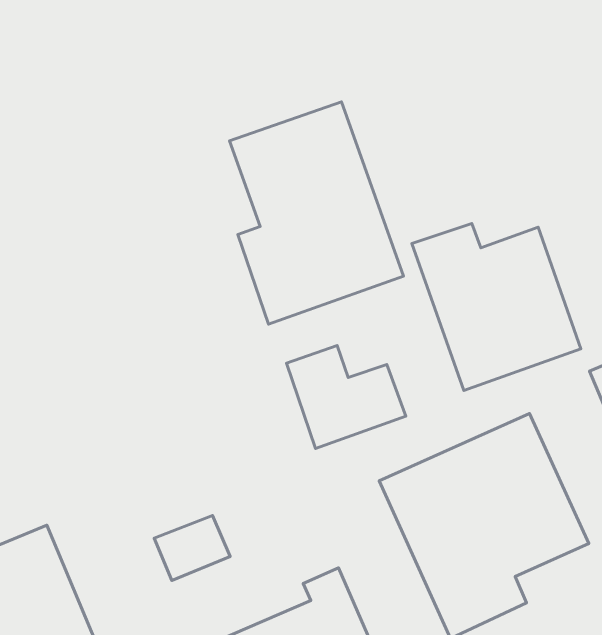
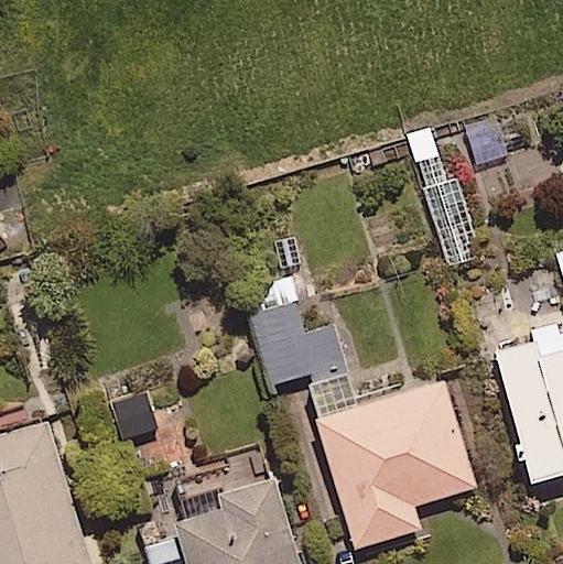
building: [230,102,404,324] -> none
building: [412,223,581,390] -> none

